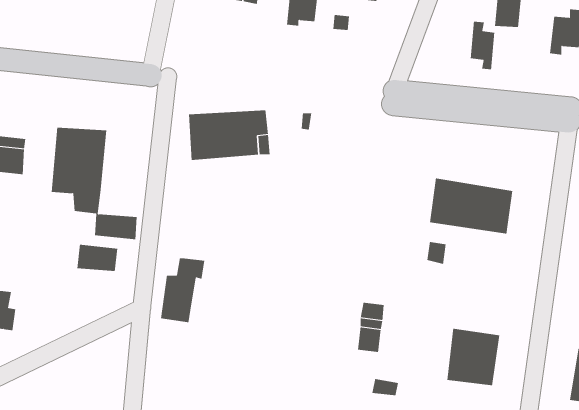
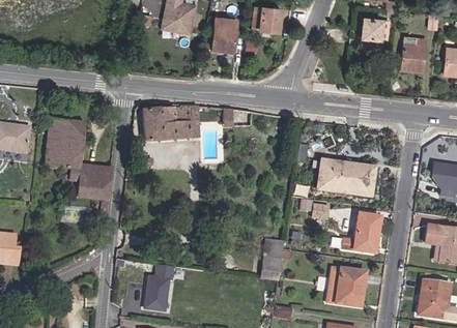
building: [470,21,495,70] -> none
building: [76,244,118,272] -> [79,166,109,185]
building: none -> [345,213,380,251]
building: [160,258,205,323] -> [143,266,175,312]

